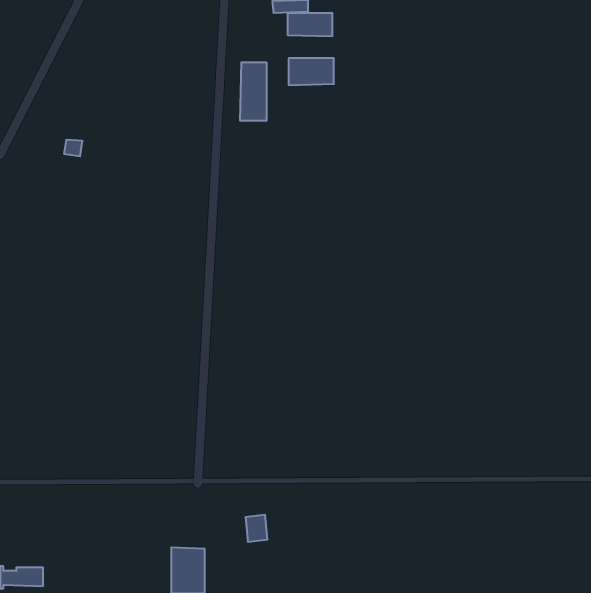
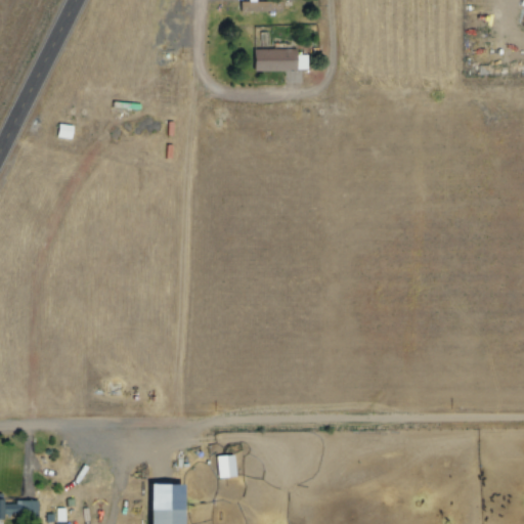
building: [288,13,332,36] -> none
building: [240,62,266,121] -> none

